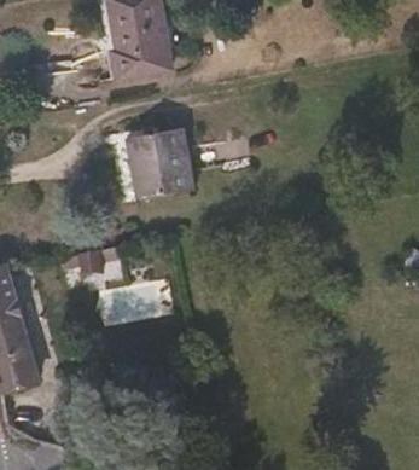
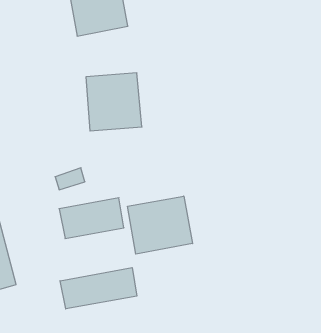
building: none -> [128,196,193,254]
building: none -> [60,268,137,309]

